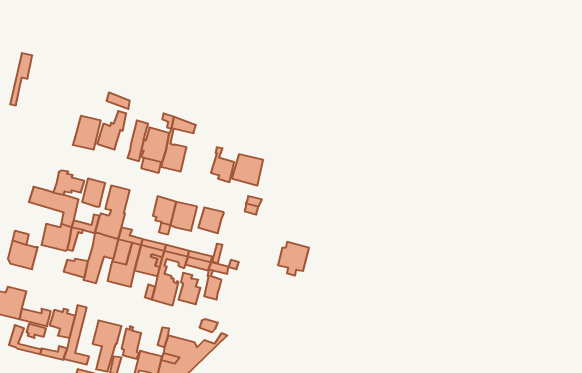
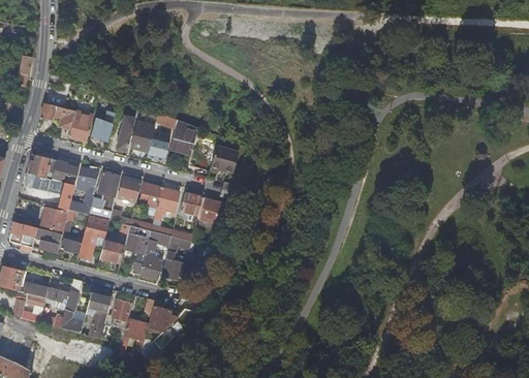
building: none -> [40,102,75,129]
building: none -> [170,119,197,154]
building: none -> [26,153,56,177]
building: none -> [118,177,141,201]
building: [278,242,309,276] -> [196,197,224,227]
building: none -> [32,227,61,252]

